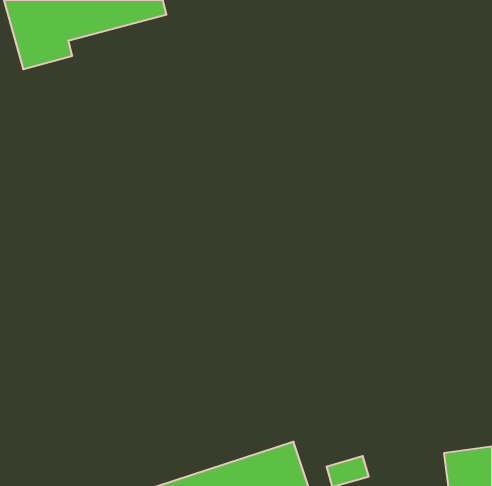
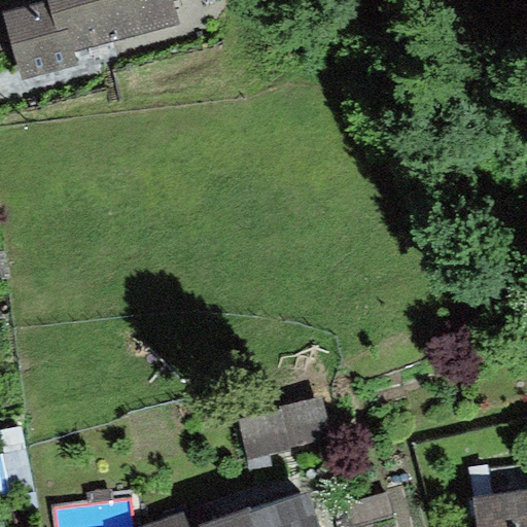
building: none -> [237,396,333,464]

